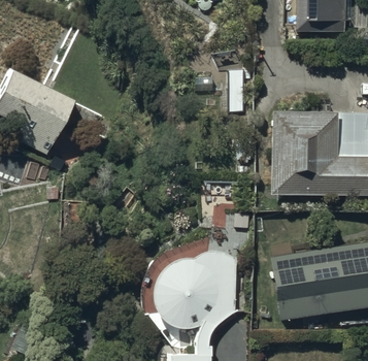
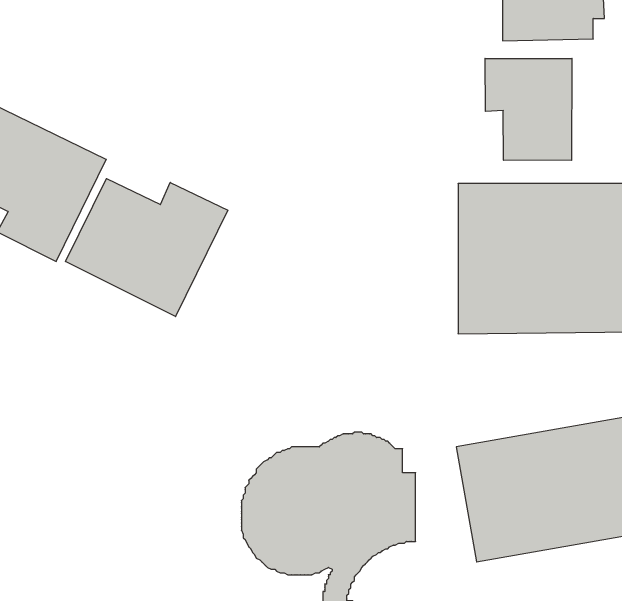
building: none -> [485,58,572,160]
building: none -> [66,179,228,317]

